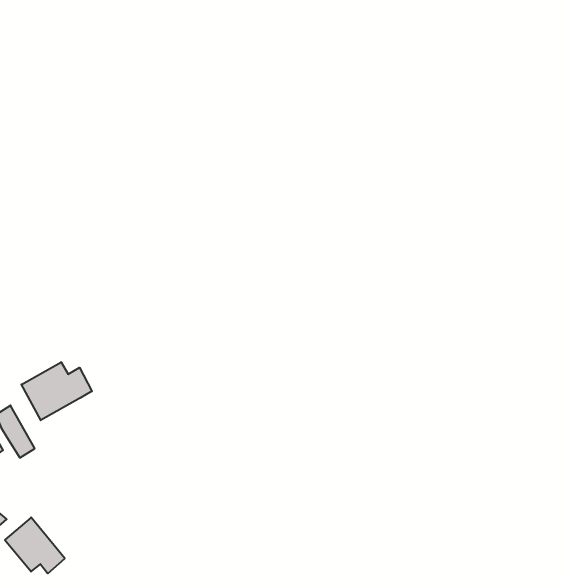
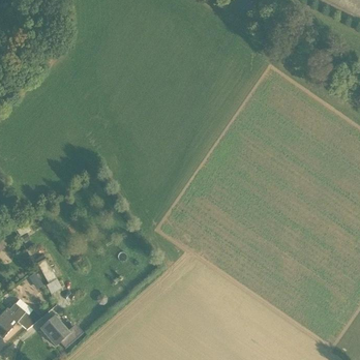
building: [21,362,92,420] -> none

